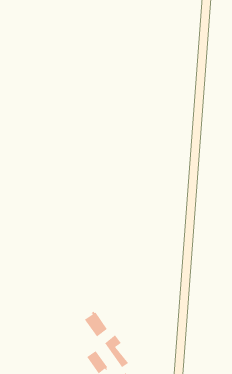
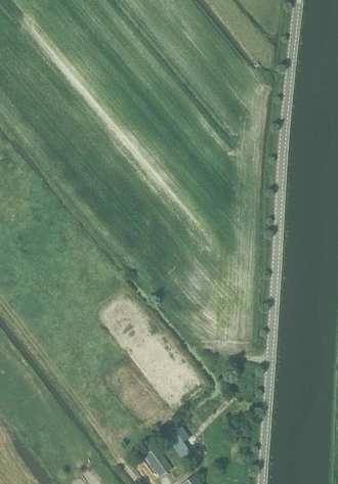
building: [84,311,108,337] -> none

